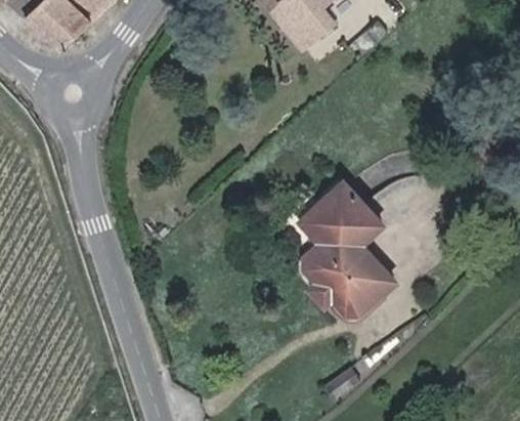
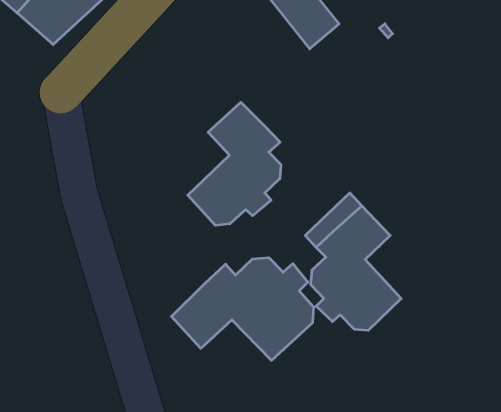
building: none -> [188,102,281,225]
building: none -> [171,258,313,360]

